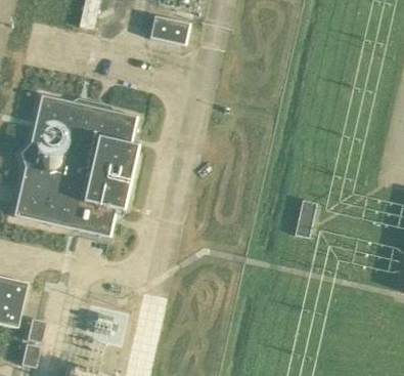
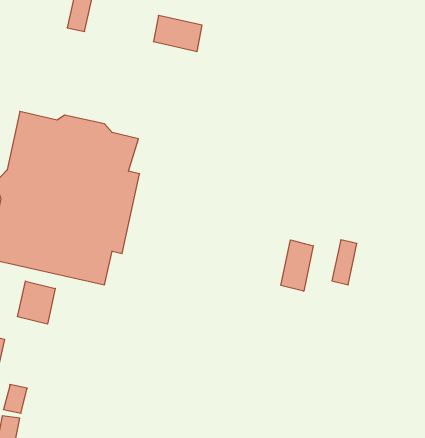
building: none -> [281,240,313,291]
building: none -> [18,281,55,324]

